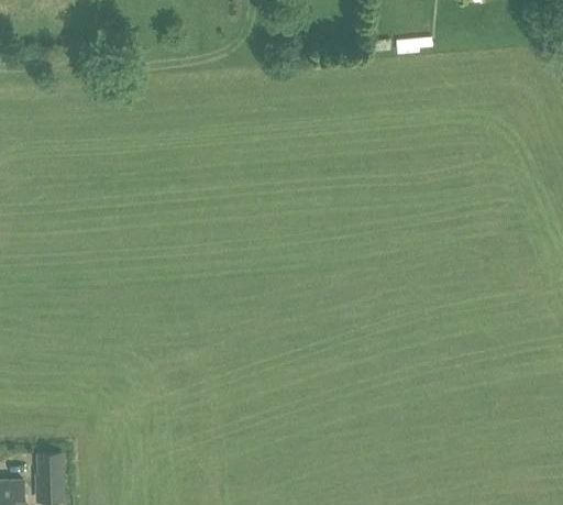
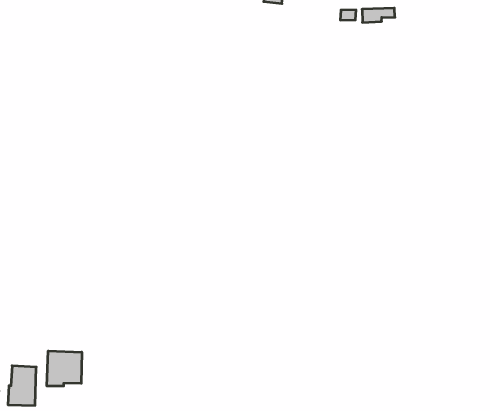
building: none -> [47,351,82,386]

